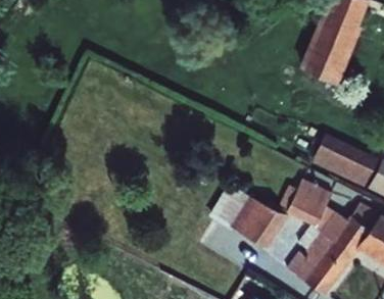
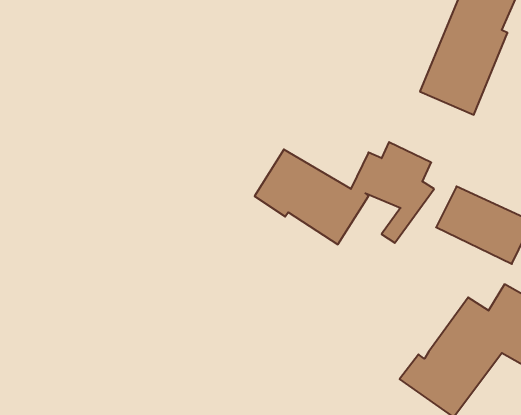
building: [208,179,334,250] -> [255,142,434,244]

